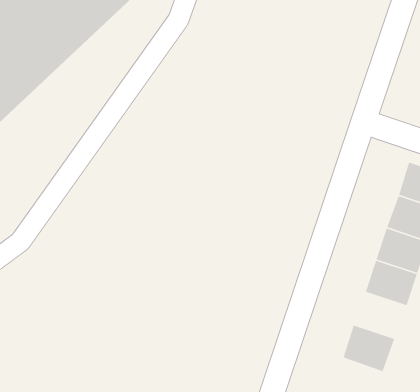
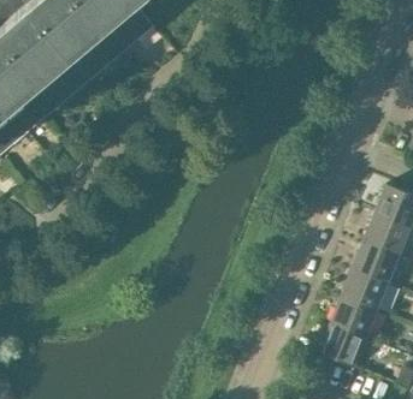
building: none -> [330,296,378,338]

